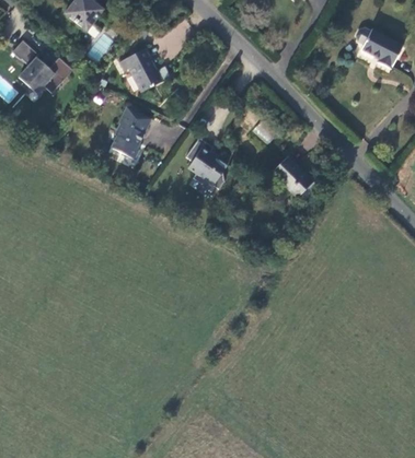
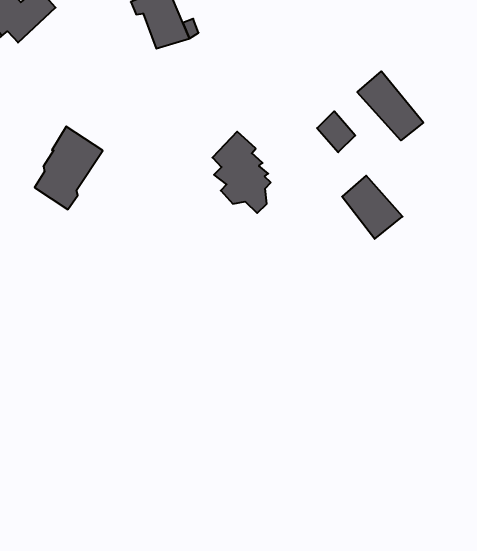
building: none -> [357,71,423,140]
building: [111,104,152,157] -> [35,126,103,209]

